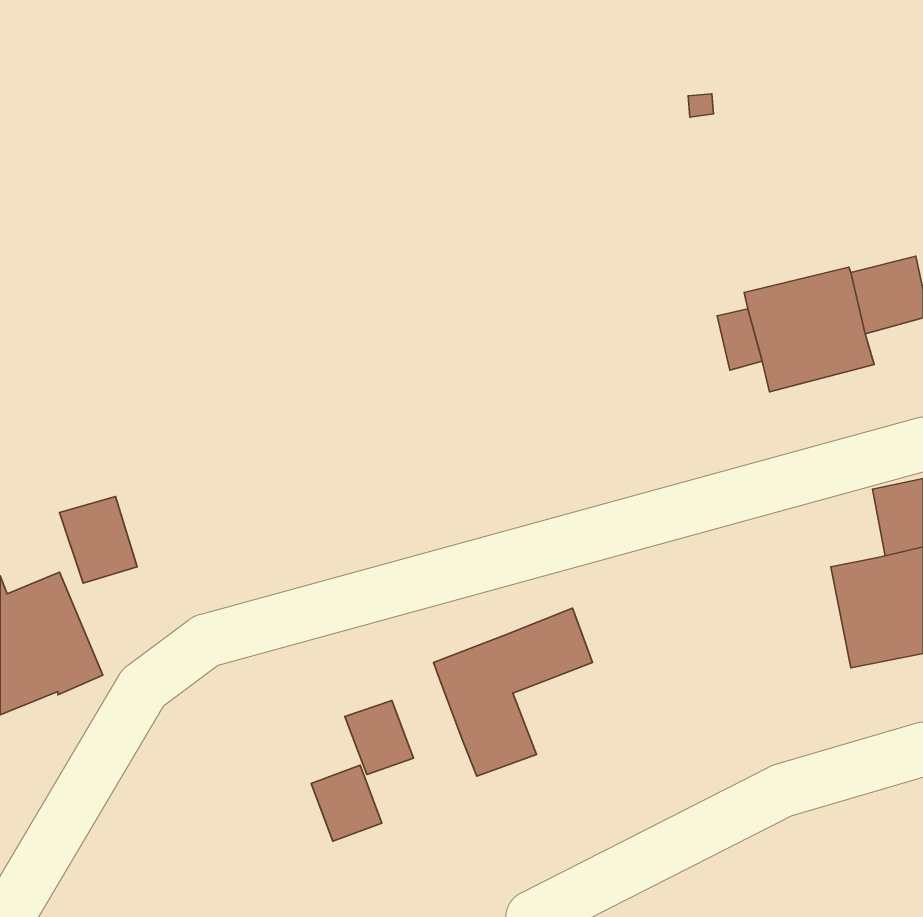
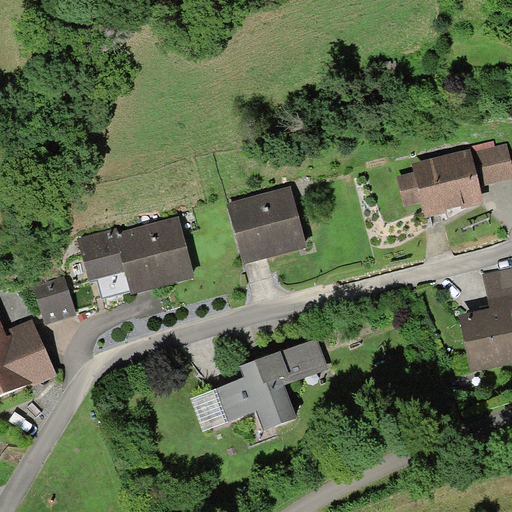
building: none -> [227,185,307,264]
building: none -> [77,214,195,294]
building: [311,765,382,841] -> [217,378,256,420]

